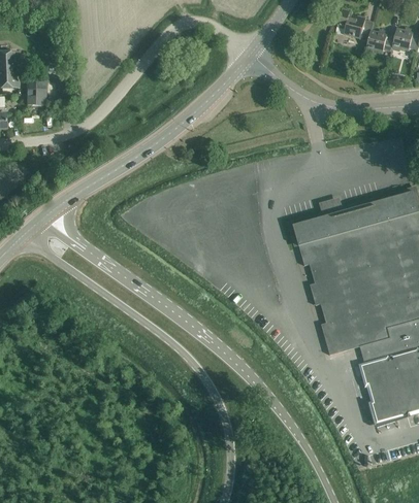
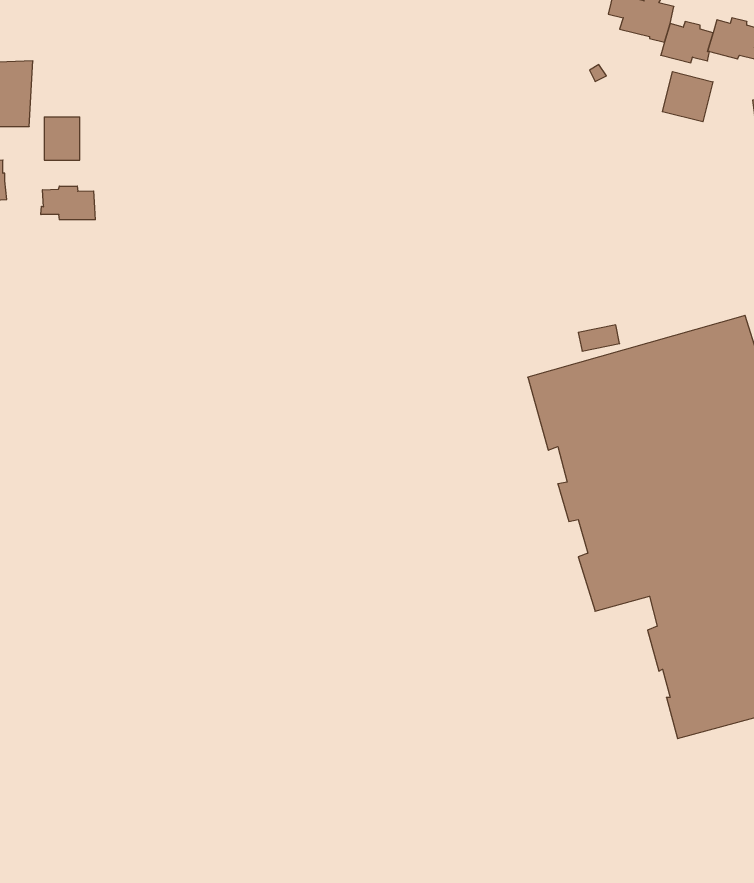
building: none -> [662,72,713,122]
building: none -> [41,186,95,220]

